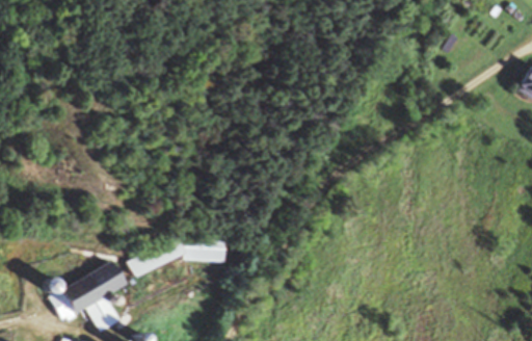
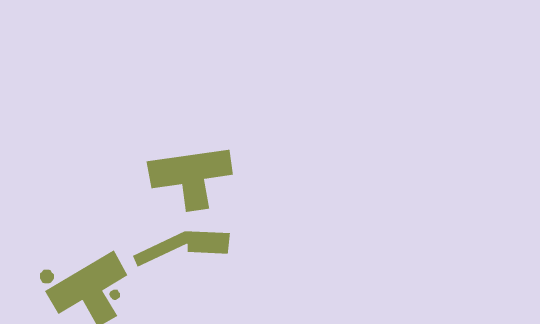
building: none -> [145,149,234,213]

